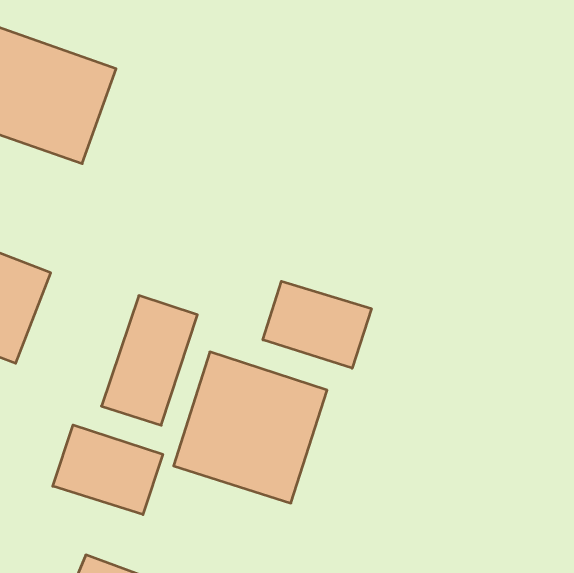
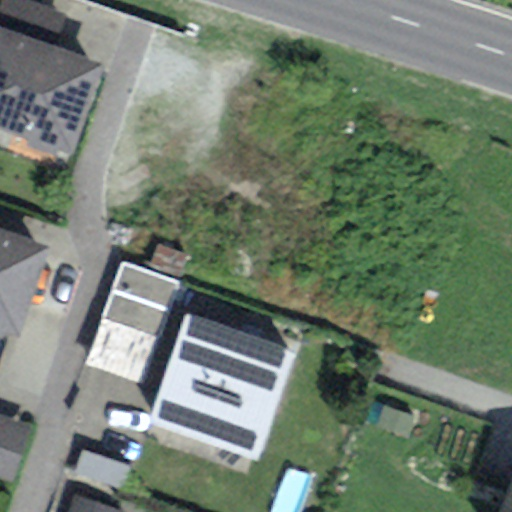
building: [263,281,371,368] -> none
building: [53,425,163,515] -> none

